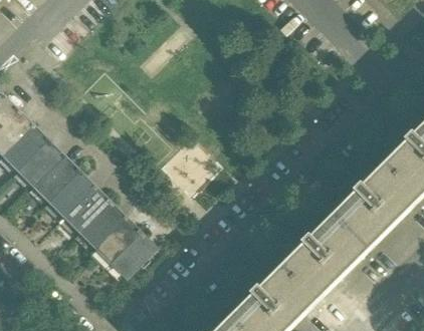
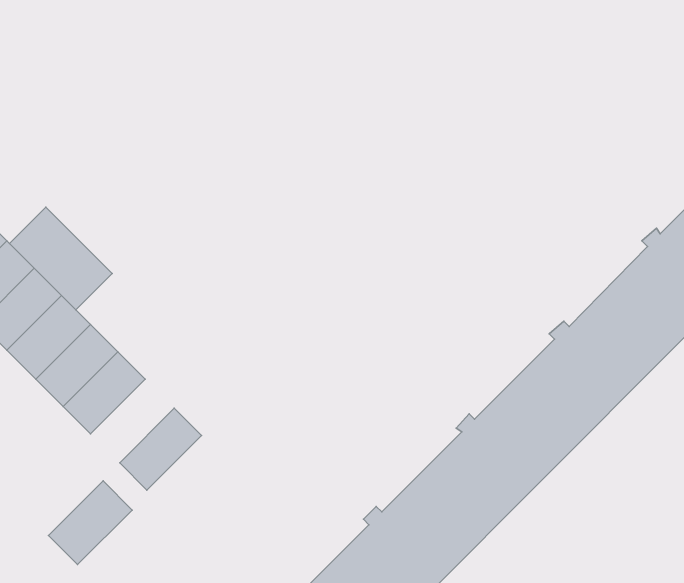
building: none -> [9,207,112,310]
building: [94,217,141,263] -> [48,481,132,565]

